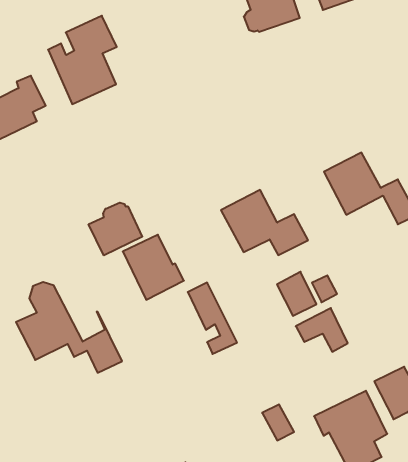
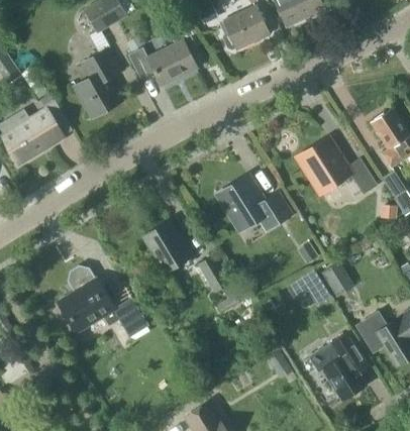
building: none -> [128,40,196,86]
building: [89,203,142,255] -> none
building: [277,272,316,316] -> [320,260,353,297]

